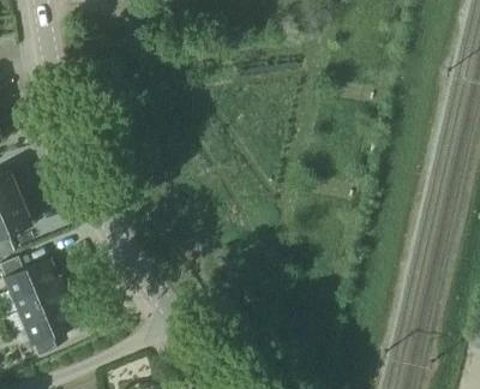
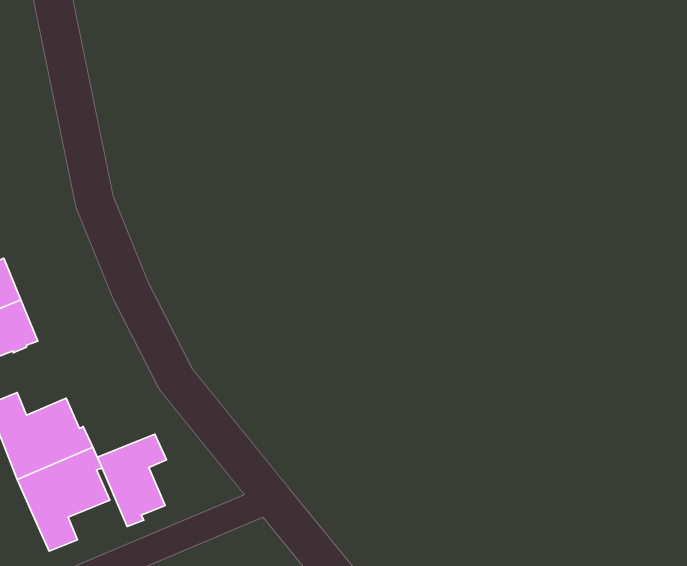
building: none -> [98,434,166,527]

